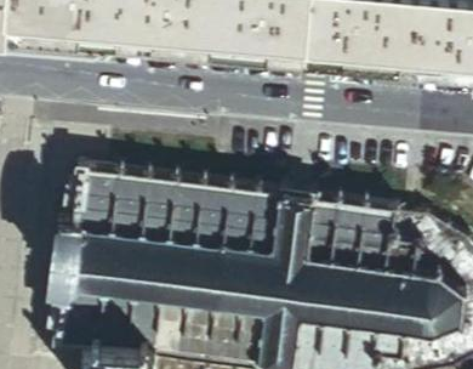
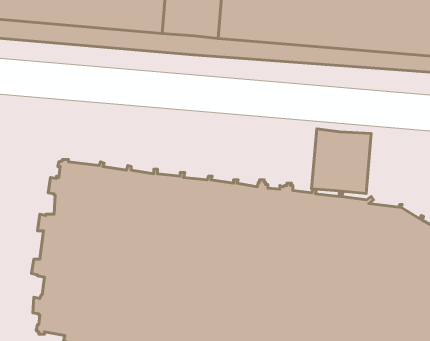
building: none -> [312,129,371,193]

